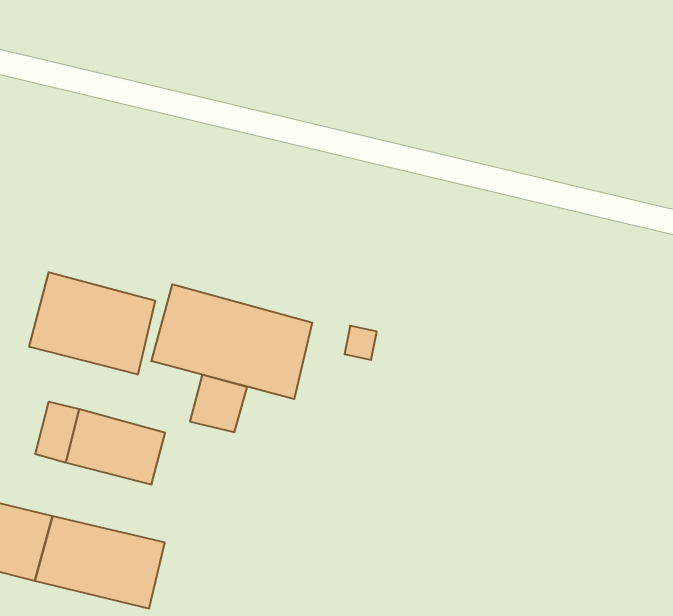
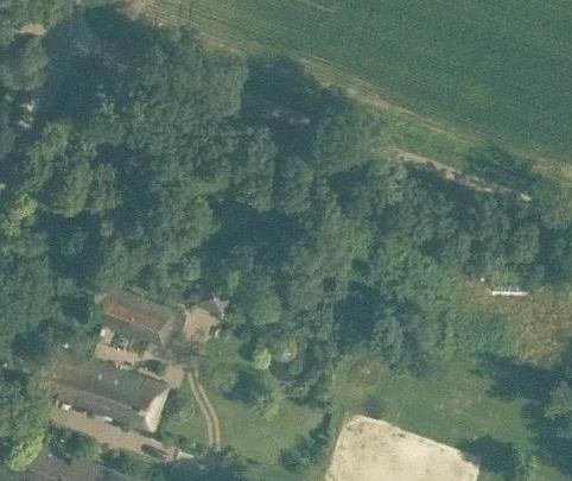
building: [29,272,155,375] -> none
building: [151,284,312,399] -> none

